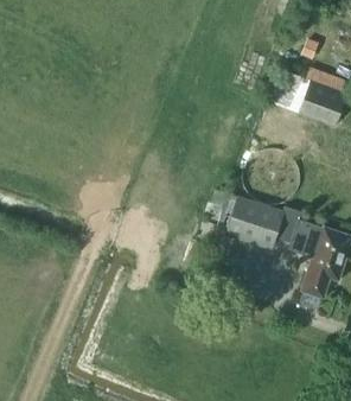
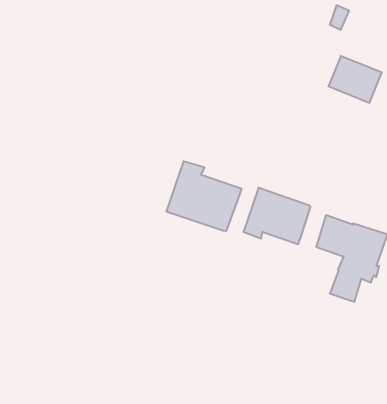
building: none -> [166,161,241,231]

